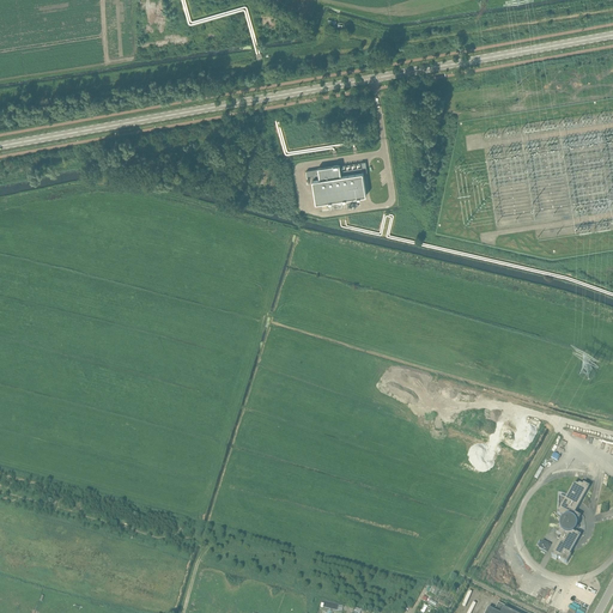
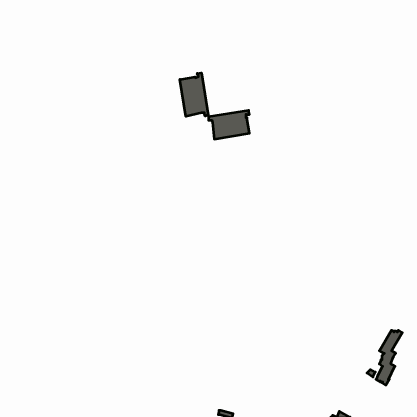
building: none -> [180,73,208,116]

